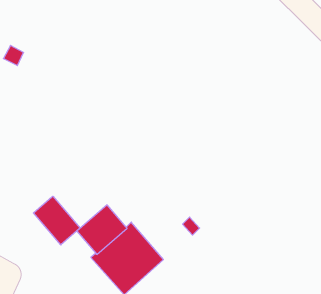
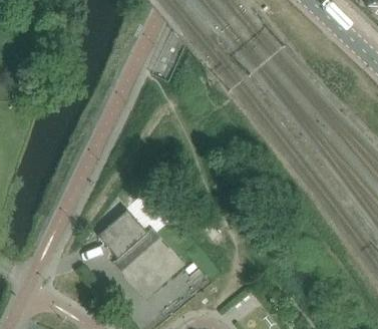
building: [33,196,80,245] -> none

